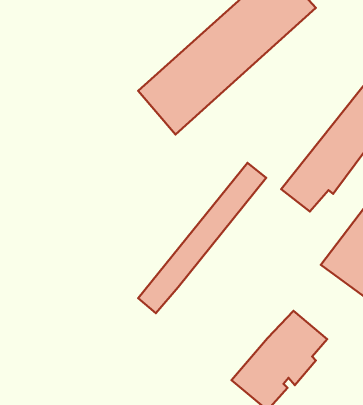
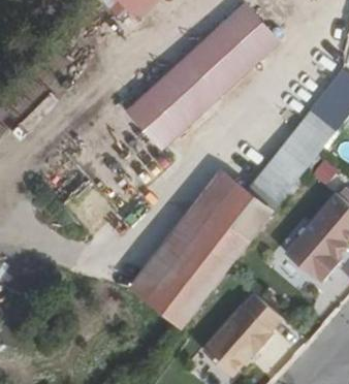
building: none -> [144,183,272,325]

